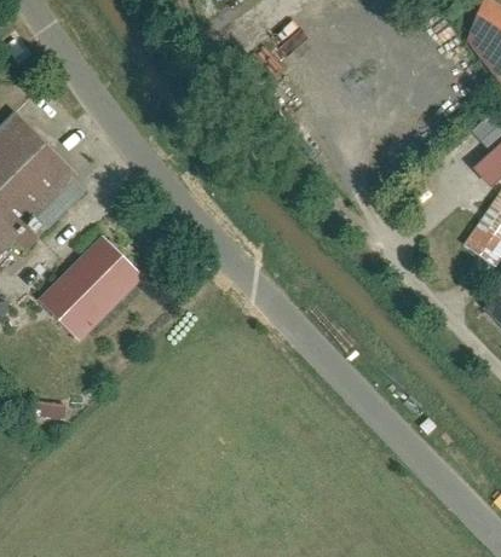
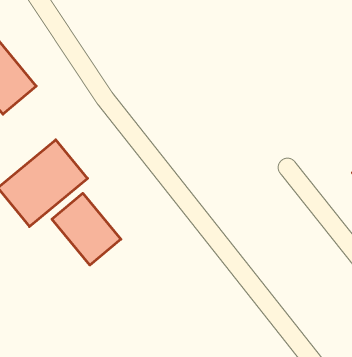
building: none -> [52,193,121,265]

